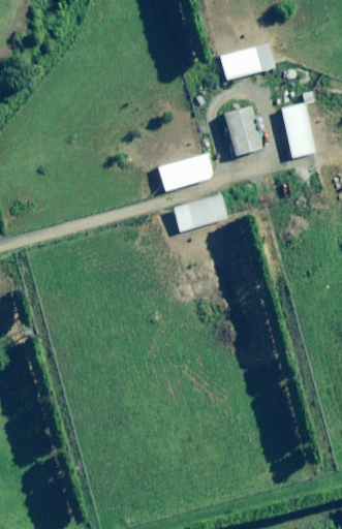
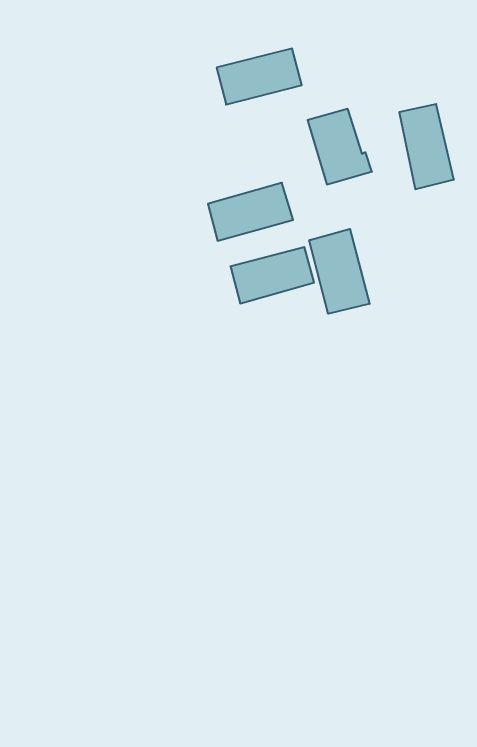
building: [219,43,274,80] -> [217,48,302,105]
building: none -> [309,229,370,314]

